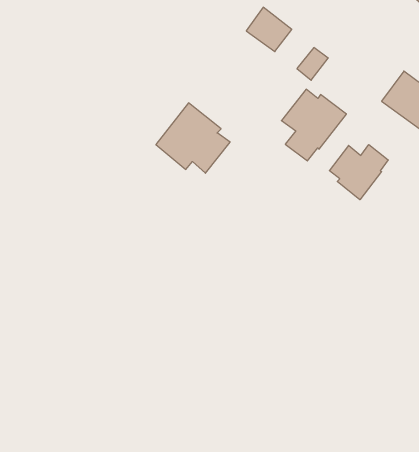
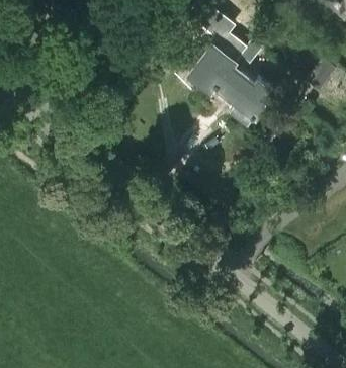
building: [156,103,230,173] -> [187,41,245,96]
building: [329,145,388,200] -> none

